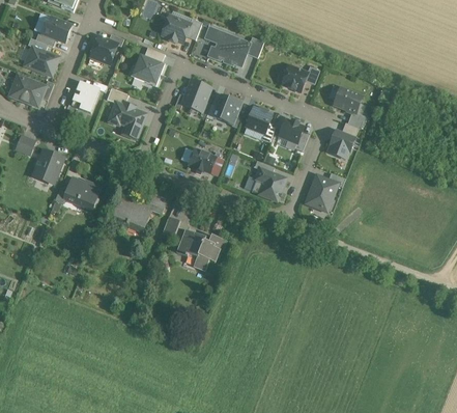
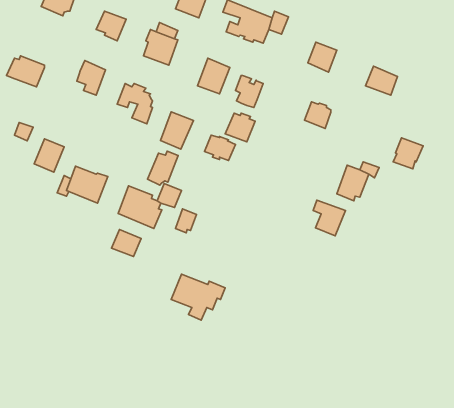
building: [23,46,56,75] -> none
building: [245,107,272,133] -> [225,113,255,142]
building: none -> [160,112,193,149]
building: [327,130,354,158] -> [393,138,423,169]
building: none -> [148,151,178,185]
building: [256,168,285,200] -> [313,200,345,236]
building: [177,229,226,271] -> [171,274,225,320]
building: none -> [111,230,141,256]

